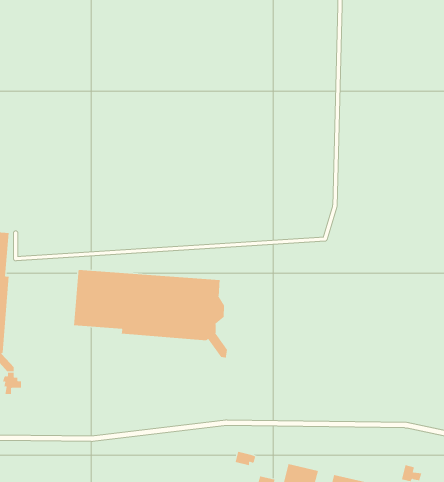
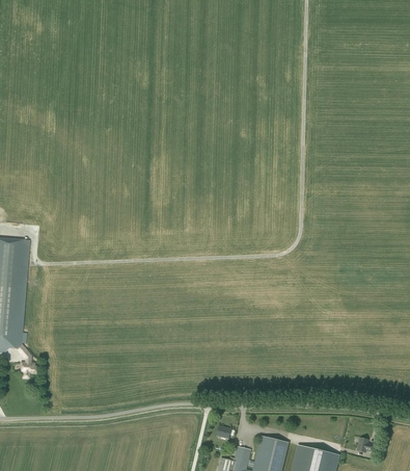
building: [74,269,228,359] -> none

